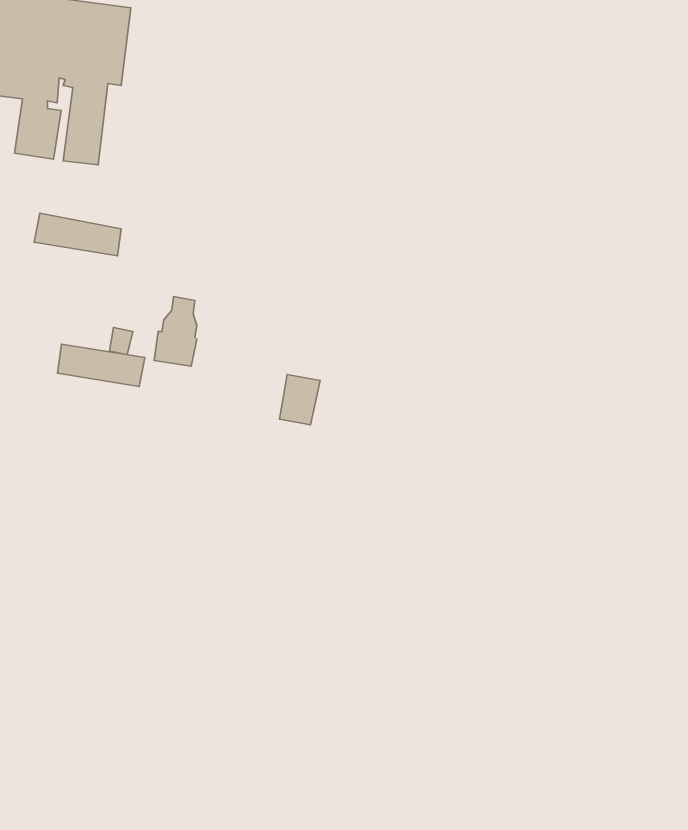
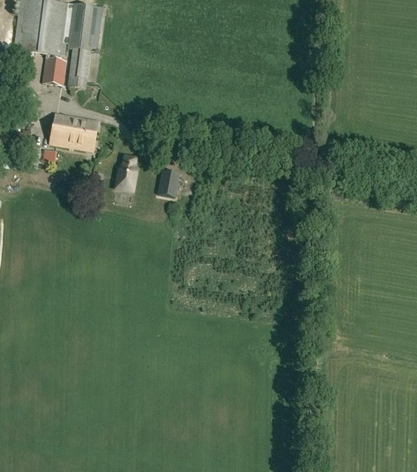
building: [58,344,145,387] -> [50,128,95,150]
building: [279,375,320,425] -> [158,171,179,197]

